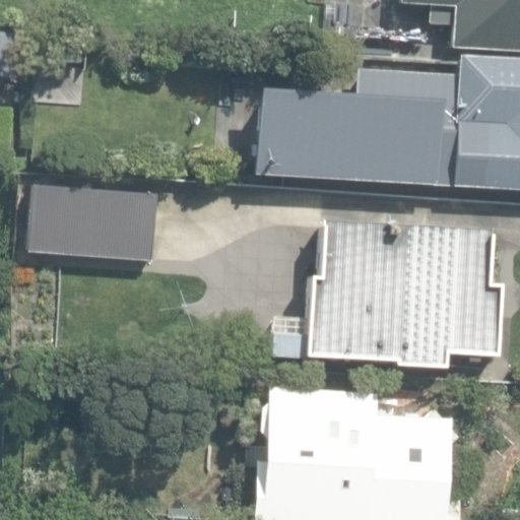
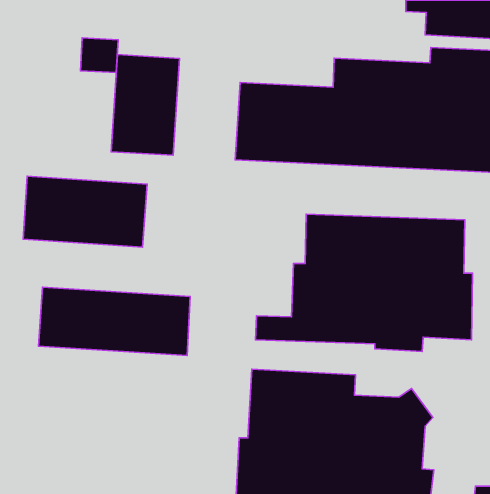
building: none -> [111,54,179,155]
building: none -> [39,287,190,356]

